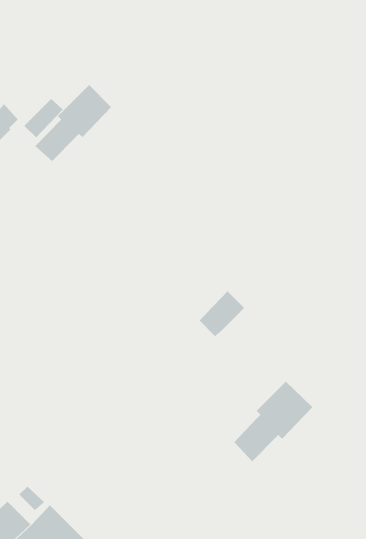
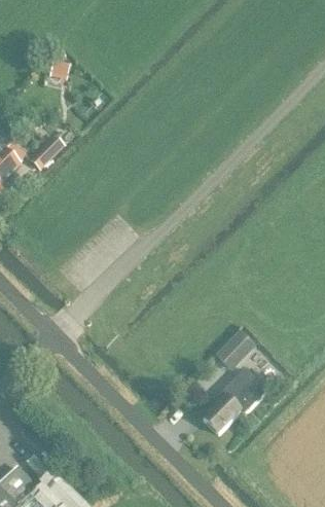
building: [35,84,112,162] -> none
building: [199,290,245,337] -> [216,330,254,368]

